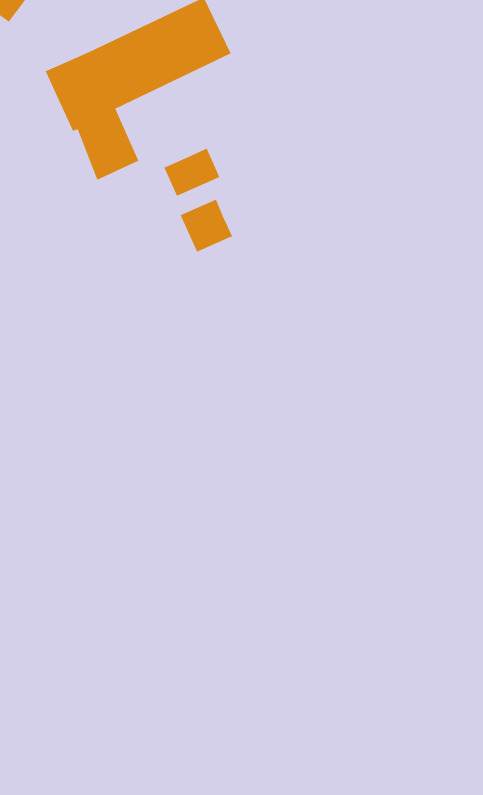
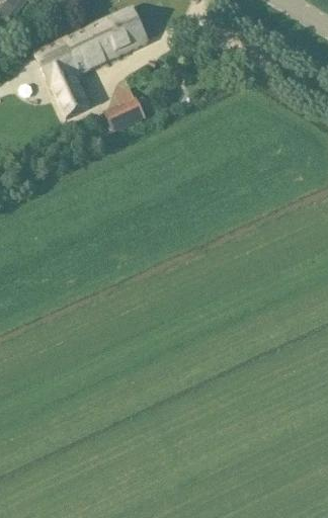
building: [180,199,233,253] -> none

